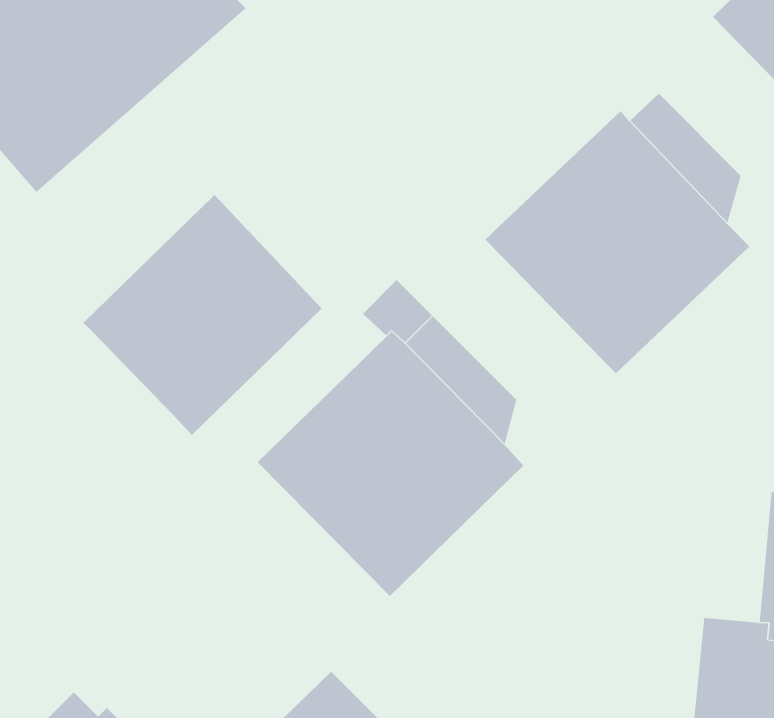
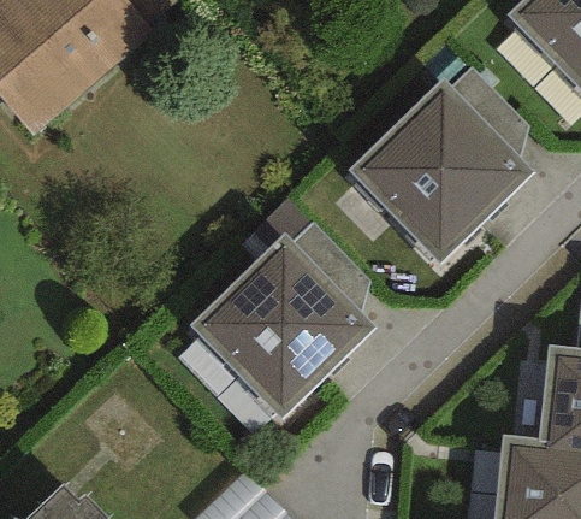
building: [82,194,322,436] -> none

